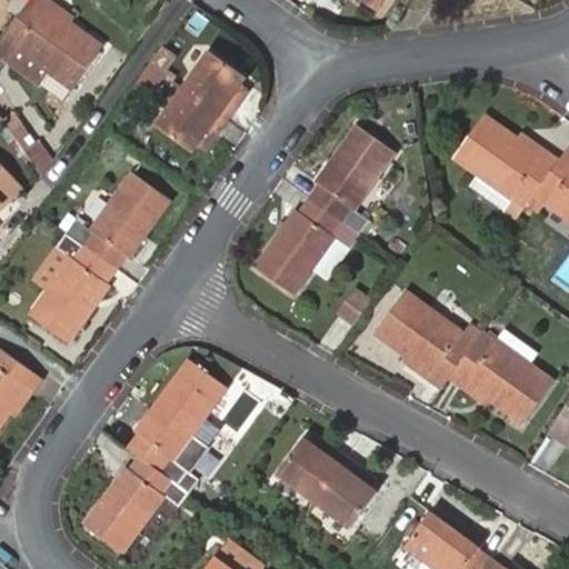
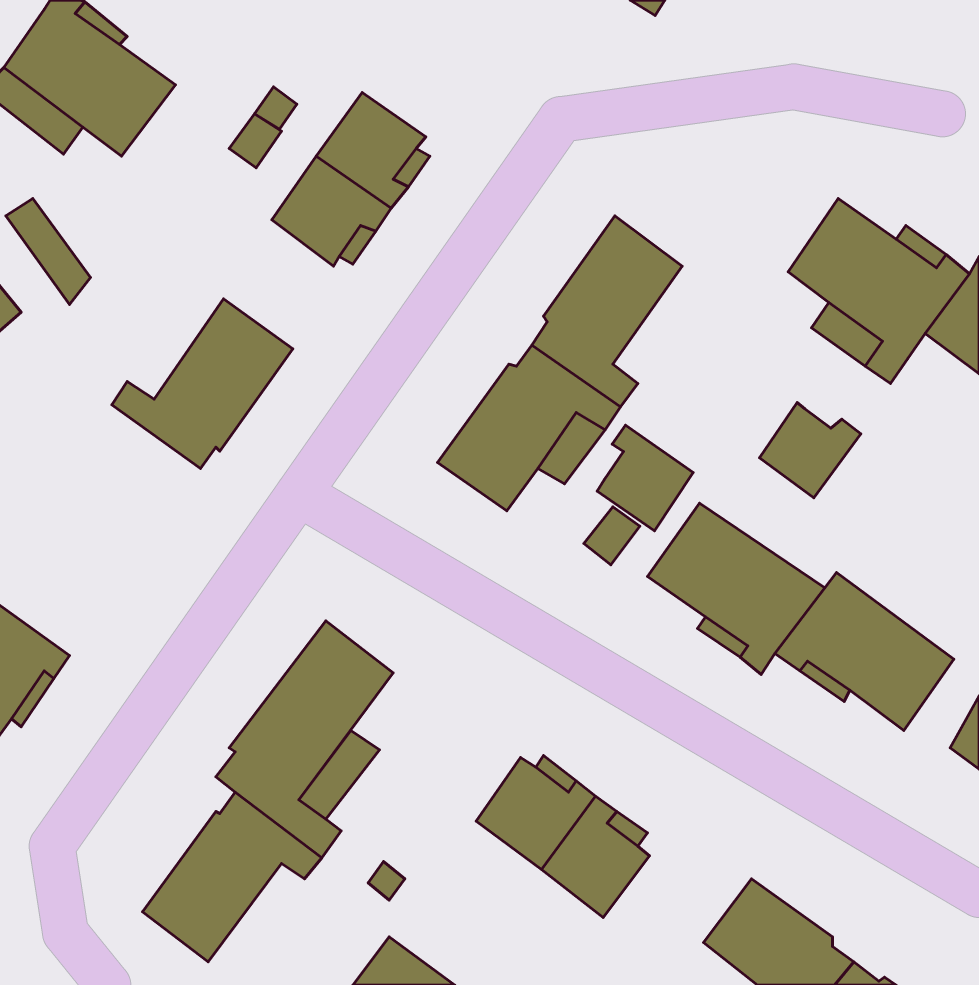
building: none -> [760,403,861,498]
building: [28,233,116,345] -> none
building: none -> [597,425,693,531]

